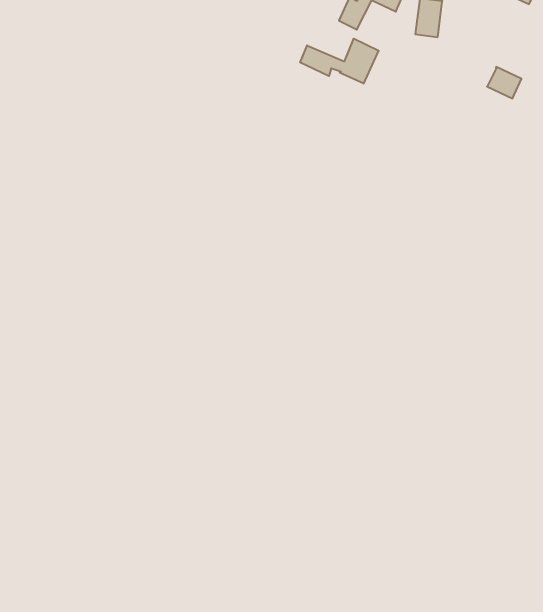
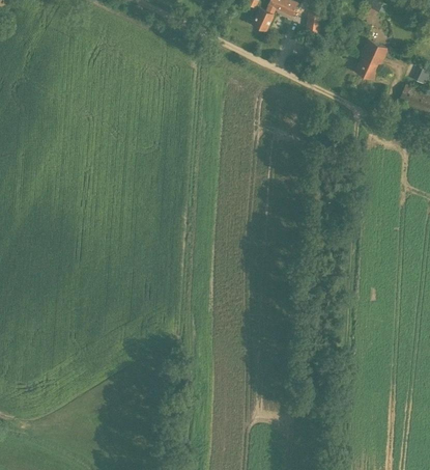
building: [300,39,379,84] -> none
building: none -> [359,40,388,67]

